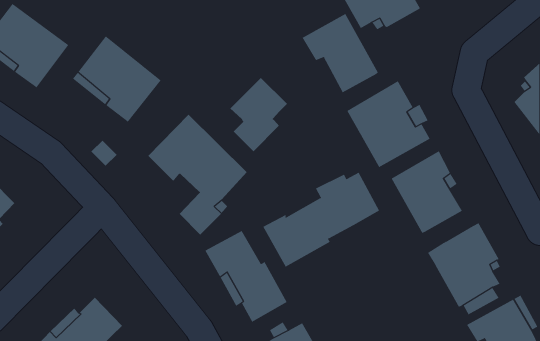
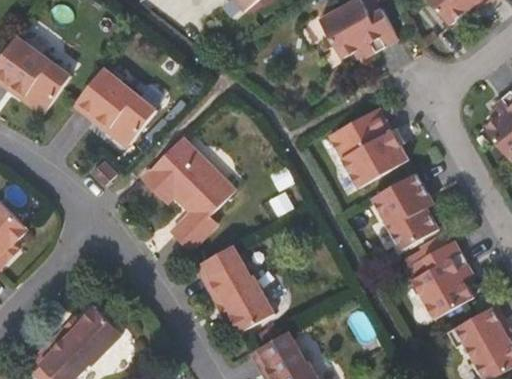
building: [302,13,379,93] -> none
building: [229,77,288,152] -> none
building: [263,172,380,267] -> none

